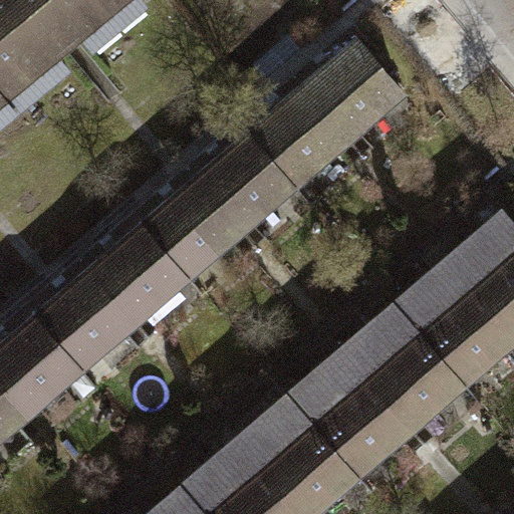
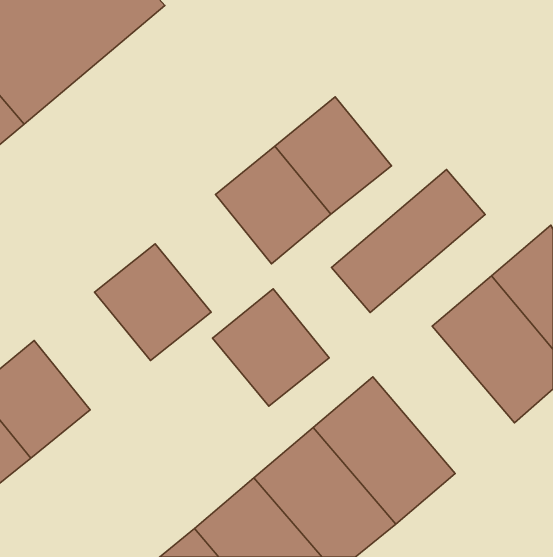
building: [306,44,413,152] -> none
building: none -> [332,170,485,313]
building: [142,178,248,285] -> [213,289,329,406]
building: [31,267,138,374] -> none
building: [340,298,470,433] -> none

